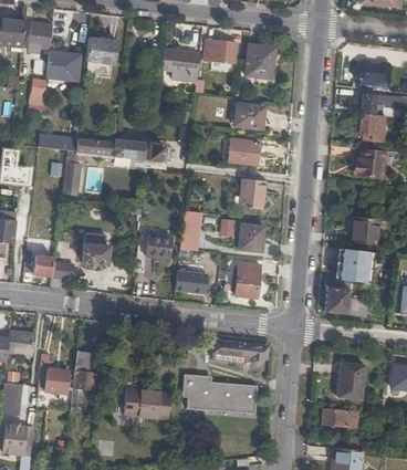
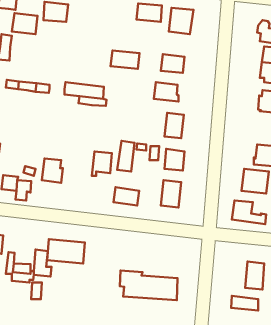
building: [163,49,199,72] -> [111,51,140,69]
building: [61,163,81,198] -> none
building: [213,341,268,368] -> none
building: [123,387,170,418] -> [47,239,85,264]

